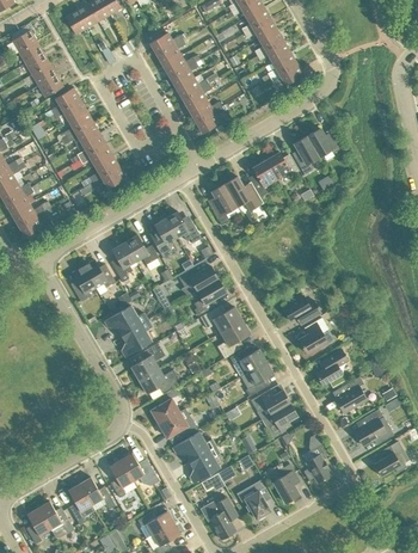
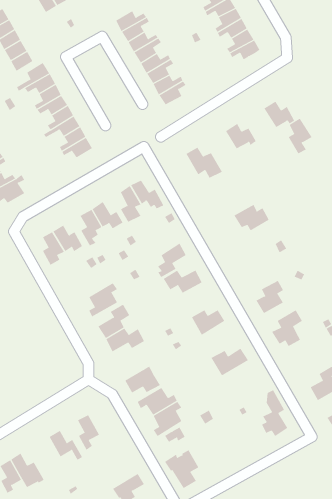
building: [293,136,319,174] -> [288,118,313,154]
building: [250,160,277,197] -> none
building: [210,184,236,225] -> none
building: [177,265,217,295] -> none
building: [282,296,320,325] -> [233,204,269,231]
building: [104,306,147,336] -> none
building: [216,320,250,358] -> none
building: [240,361,273,397] -> none
building: [336,376,365,413] -> none
building: [150,388,179,424] -> none
building: [262,403,297,438] -> none
building: [121,453,159,485] -> none
building: [272,463,300,503] -> none
building: [238,480,271,520] -> none
building: [68,484,94,524] -> none
building: [137,511,173,539] -> none

